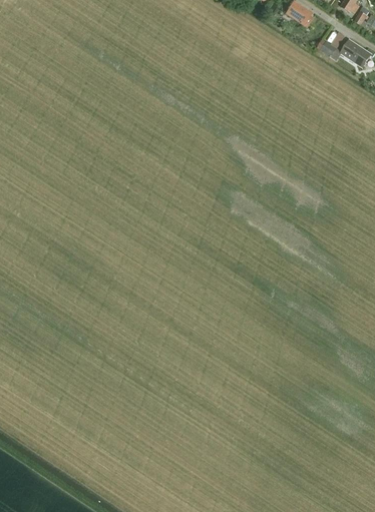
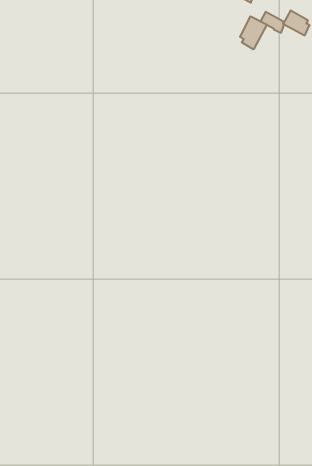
building: none -> [240,16,267,49]

